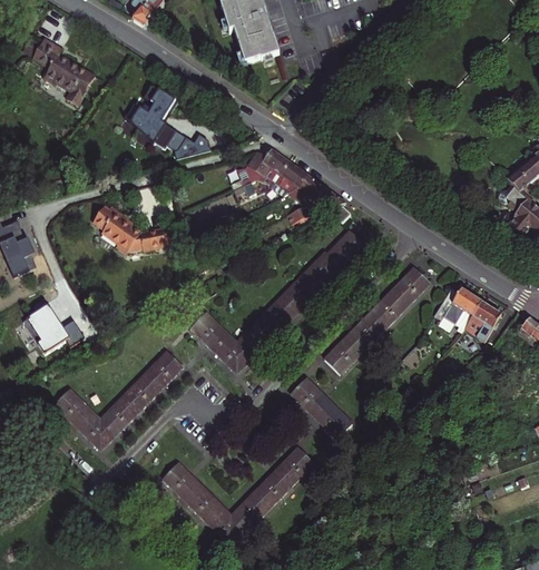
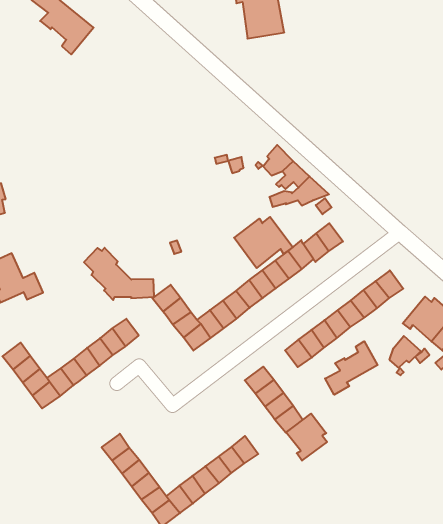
building: [122,82,175,148] -> none
building: [170,135,207,157] -> none
building: [247,150,288,185] -> none
building: [94,205,166,254] -> [84,248,154,300]
building: none -> [234,217,293,268]
building: none -> [390,336,421,375]
building: none -> [325,341,378,395]
building: none -> [286,414,327,461]

